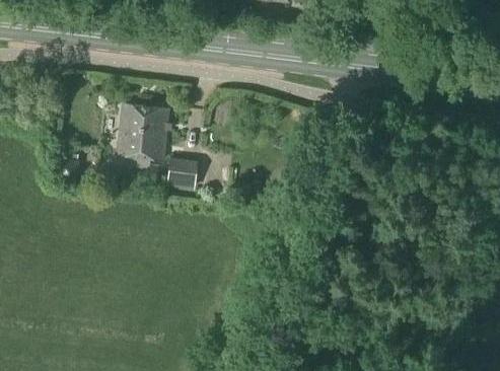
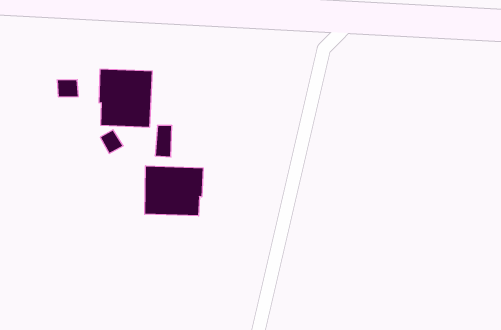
building: none -> [145,166,203,216]

